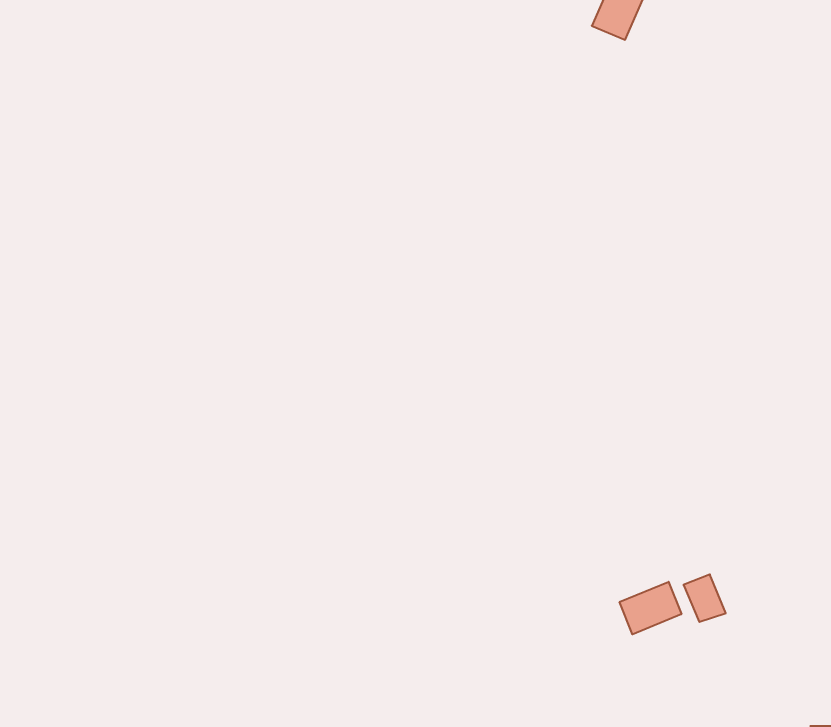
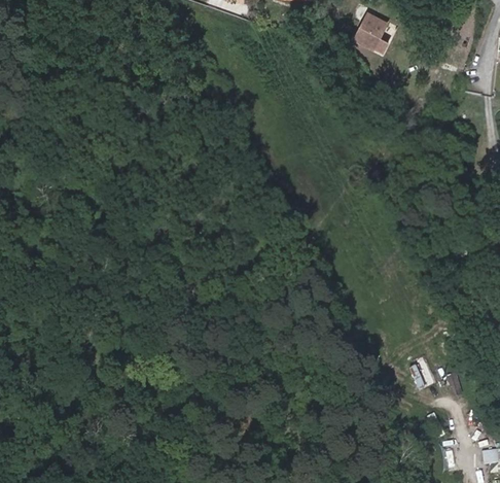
building: [620,582,681,634] -> none

